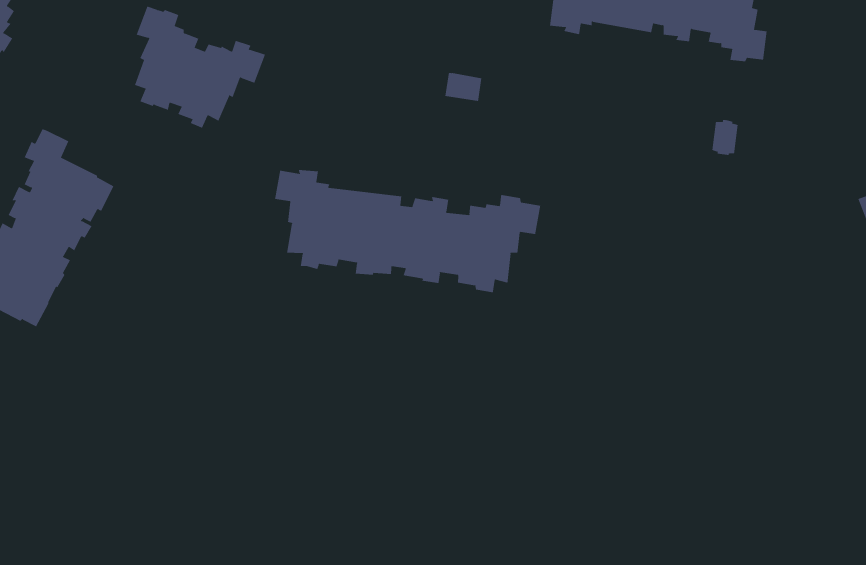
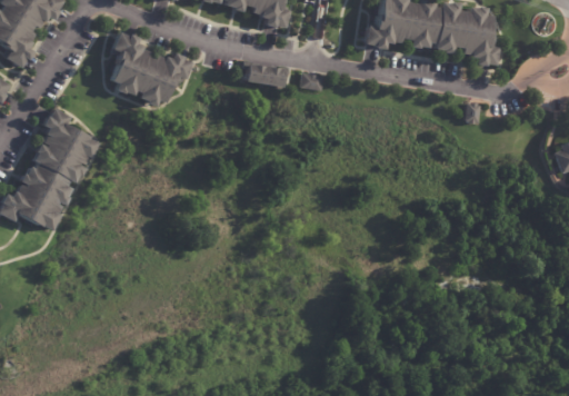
building: none -> [244,65,290,88]
building: [274,169,541,293] -> none

